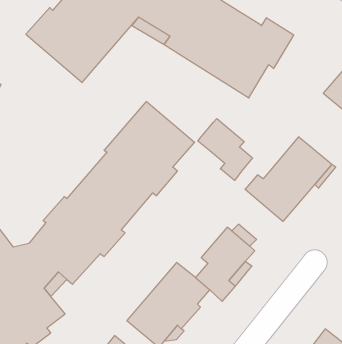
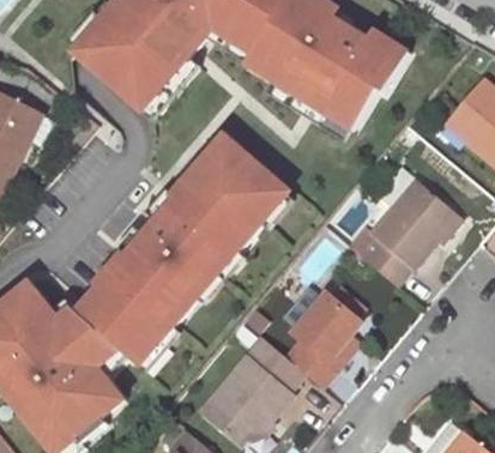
building: [198,119,252,180] -> none

